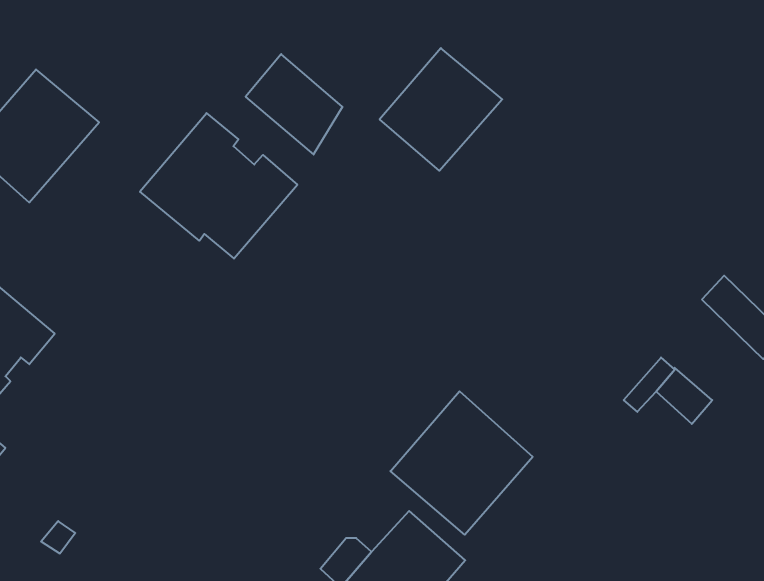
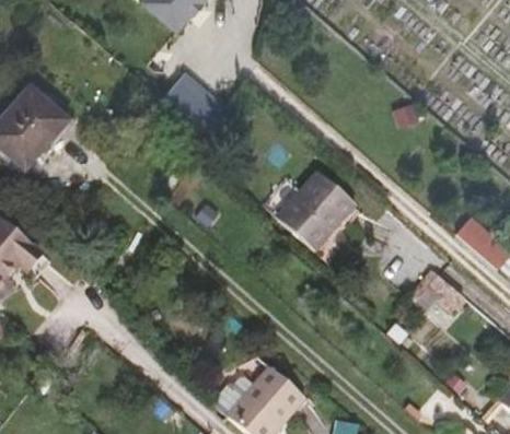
building: [380,48,502,171] -> [277,173,356,251]
building: [140,113,297,259] -> none
building: [390,391,533,535] -> none

